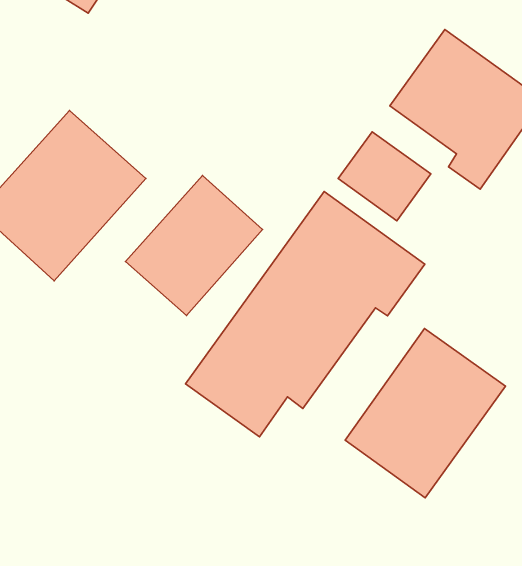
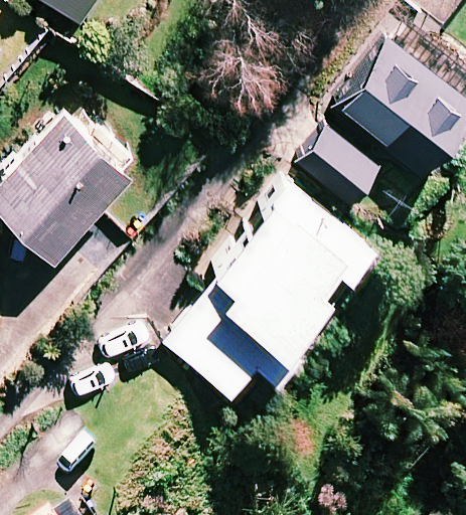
building: [125,175,263,316] -> none
building: [345,328,506,498] -> none

